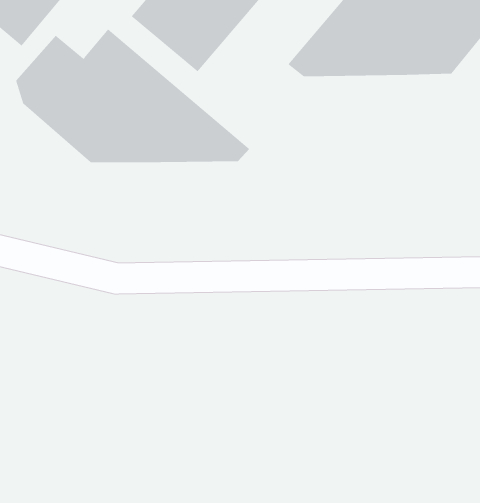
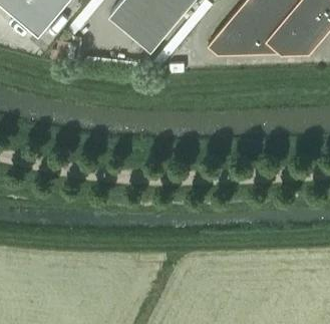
building: [16,28,250,163] -> none

